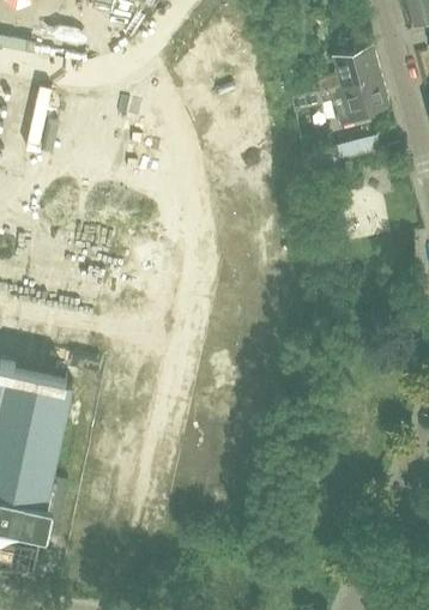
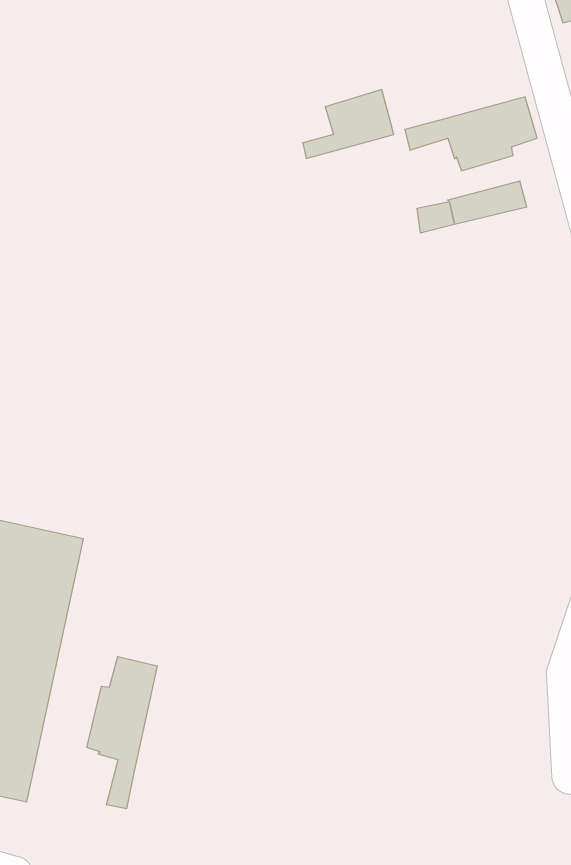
building: [319,41,382,89] -> [303,90,394,158]
building: none -> [87,656,157,809]

